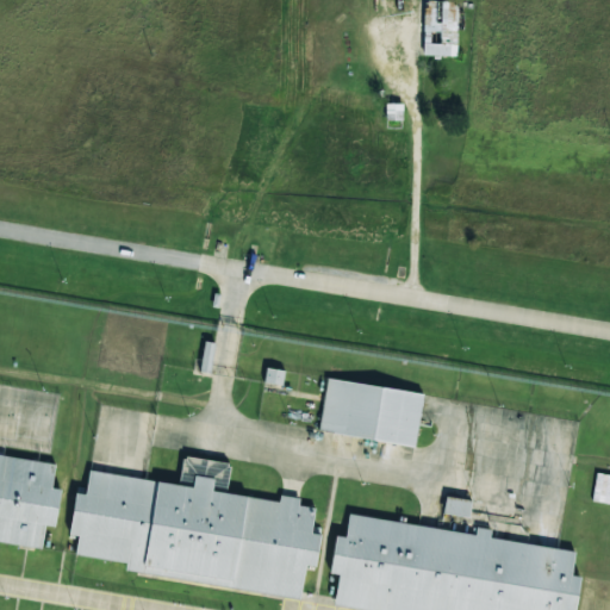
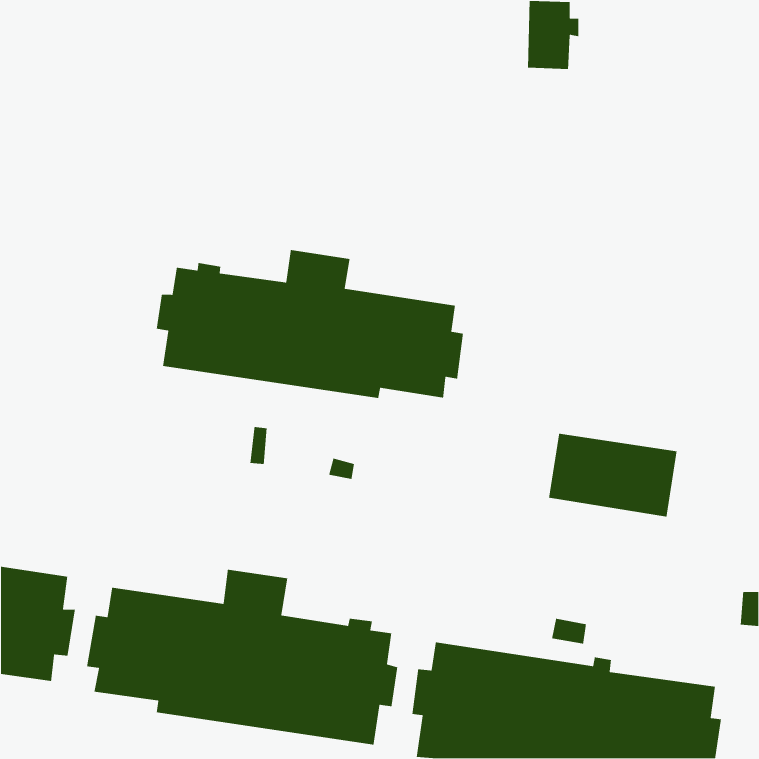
building: none -> [156,249,464,399]
building: [319,379,423,447] -> [548,433,677,518]

